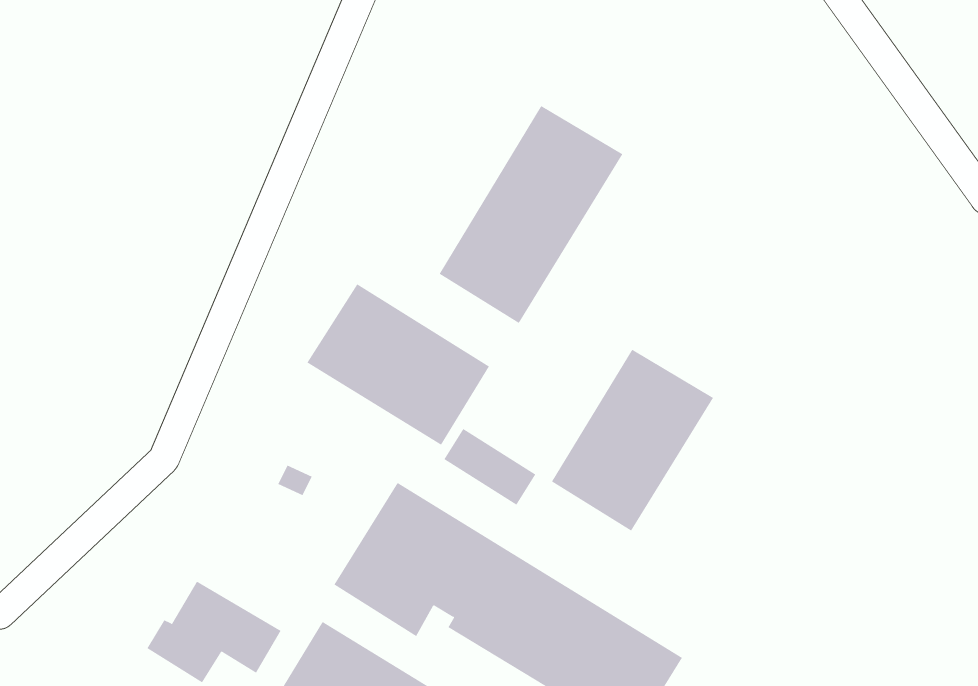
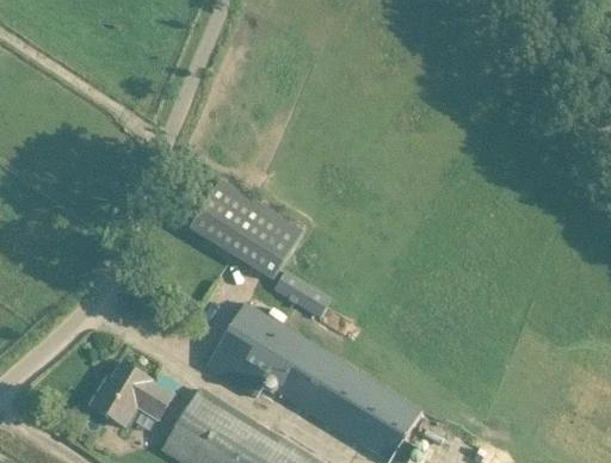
building: [439,105,623,324] -> none
building: [551,349,714,532] -> none

